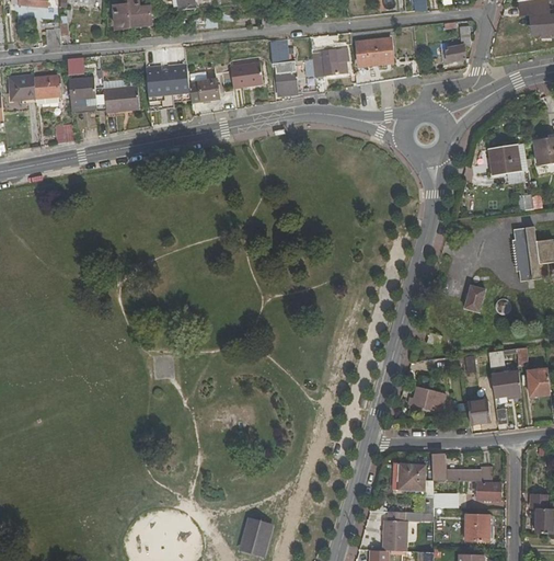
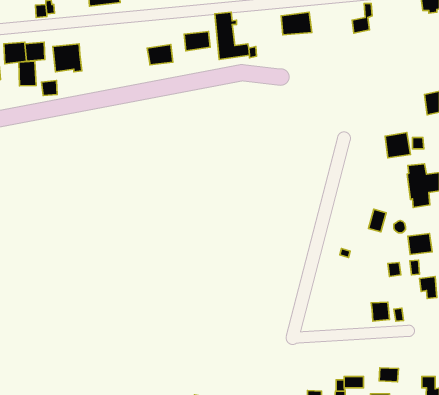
building: [310,48,351,76] -> none
building: [145,70,189,111] -> none
building: [102,87,137,112] -> none
building: none -> [19,61,36,86]
building: [488,144,520,175] -> [385,133,410,158]
building: [490,370,521,397] -> [408,233,432,254]
building: [406,386,445,412] -> none
building: [431,454,481,480] -> none
building: [397,463,425,491] -> none

